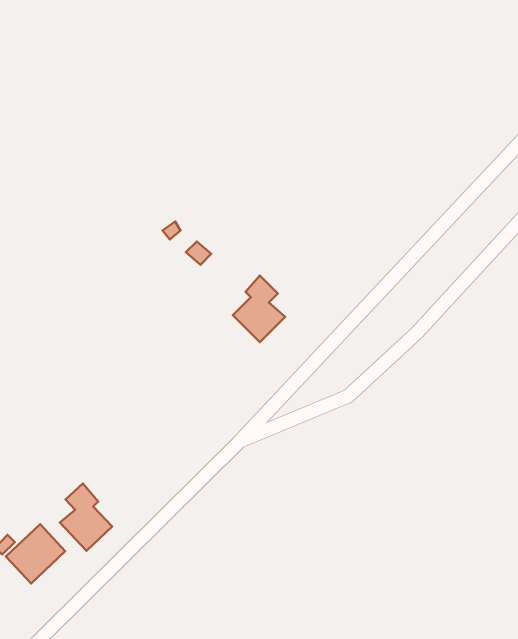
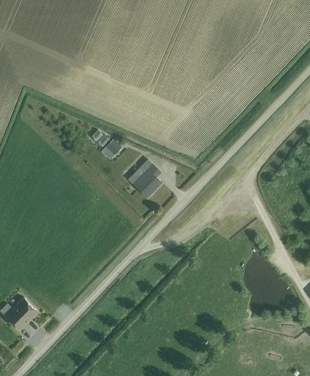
building: [60,483,112,551] -> none

